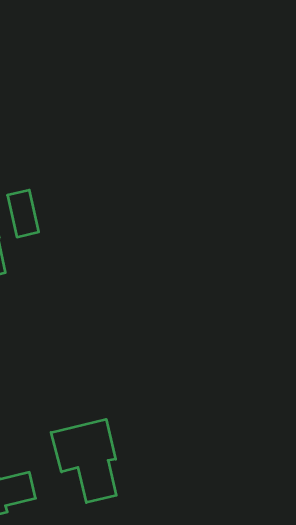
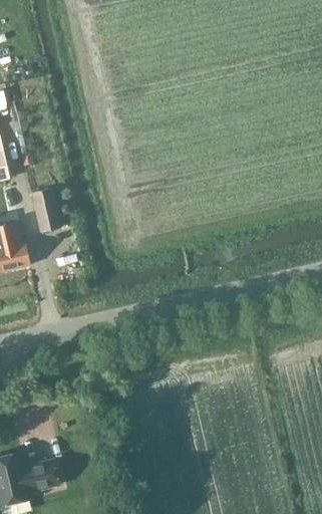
building: [51,419,116,503] -> none

